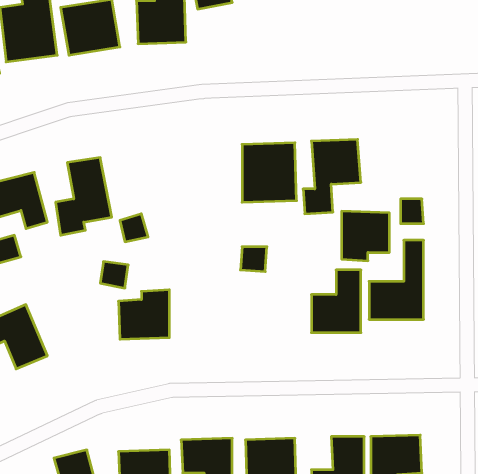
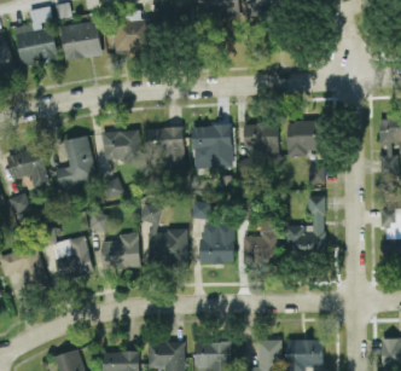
building: none -> [147,128,184,169]
building: none -> [101,131,141,166]
building: [342,211,389,261] -> [287,121,322,157]
building: none -> [144,205,188,267]
building: none -> [199,224,234,263]
building: none -> [52,236,94,283]

